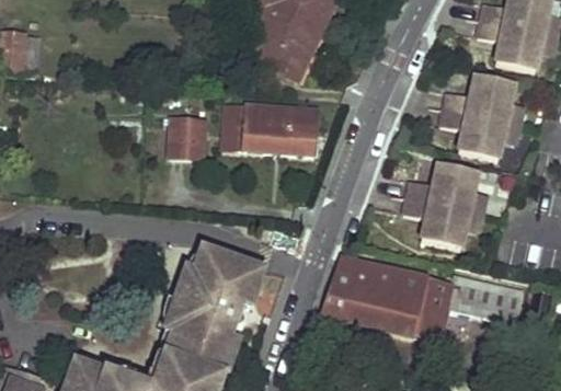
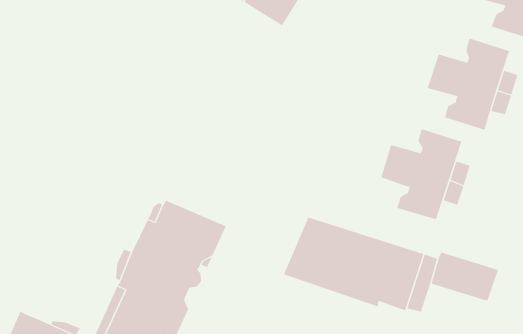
building: [220,100,314,152] -> none
building: [173,117,207,156] -> none

